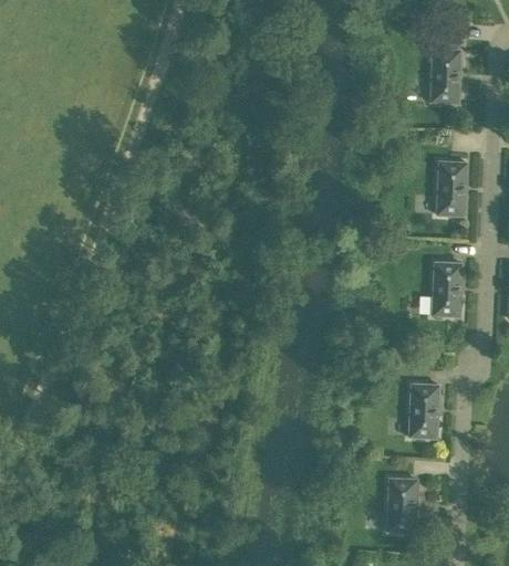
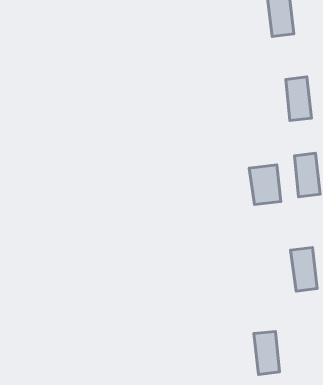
building: none -> [249,165,281,205]
building: [387,478,418,533] -> [254,332,279,374]

